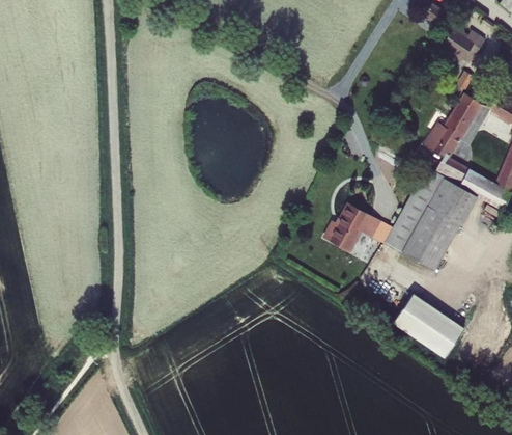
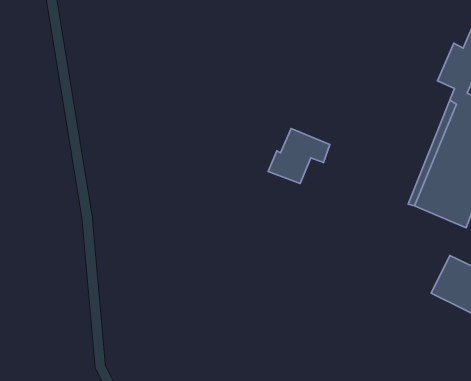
building: [325,206,380,253] -> [268,128,330,184]

